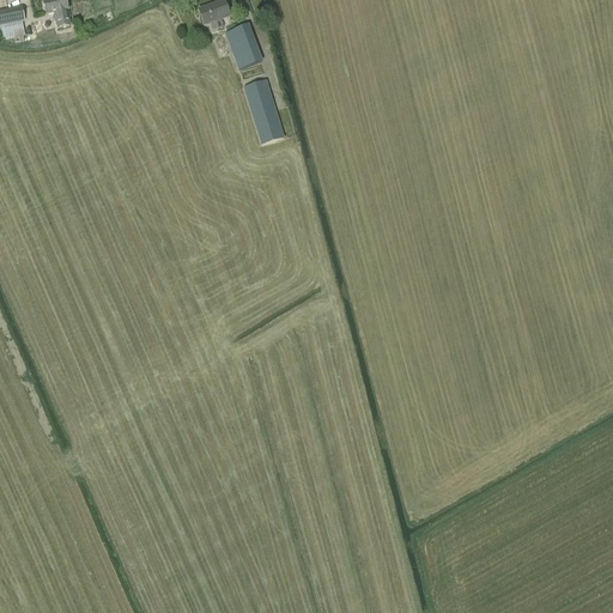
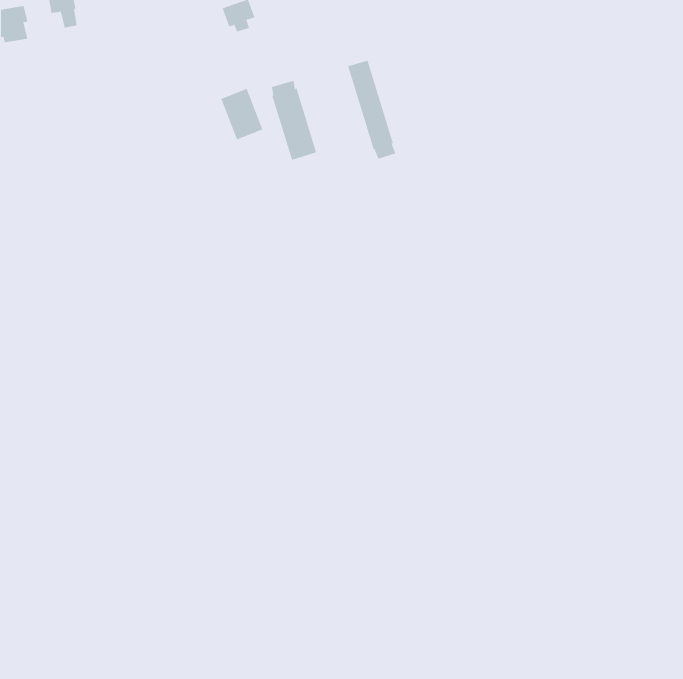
building: [224,22,262,68] -> [220,88,263,140]
building: none -> [347,60,396,160]

